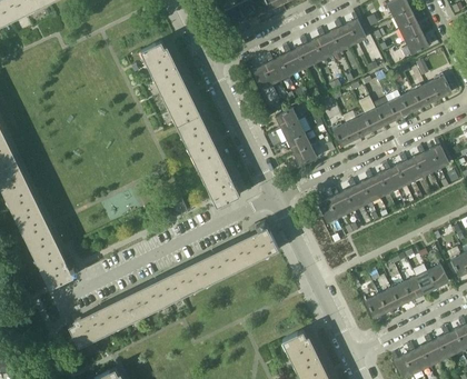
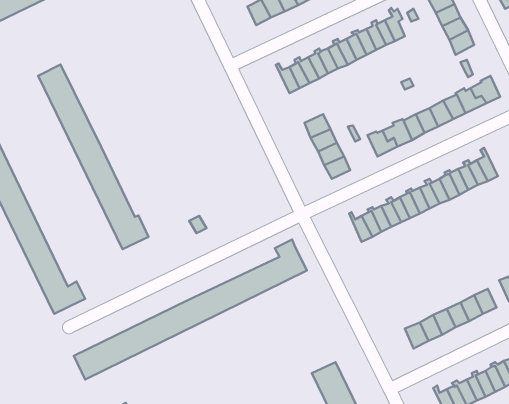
building: [141,40,240,206] -> [38,65,149,249]

